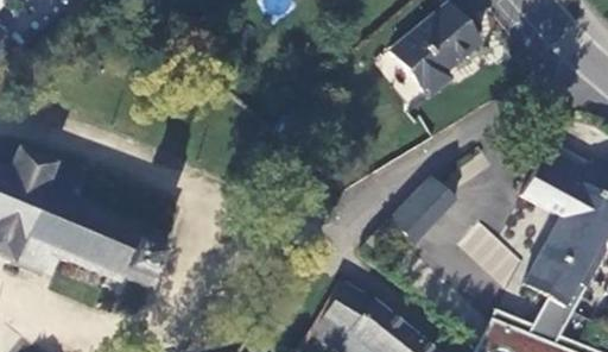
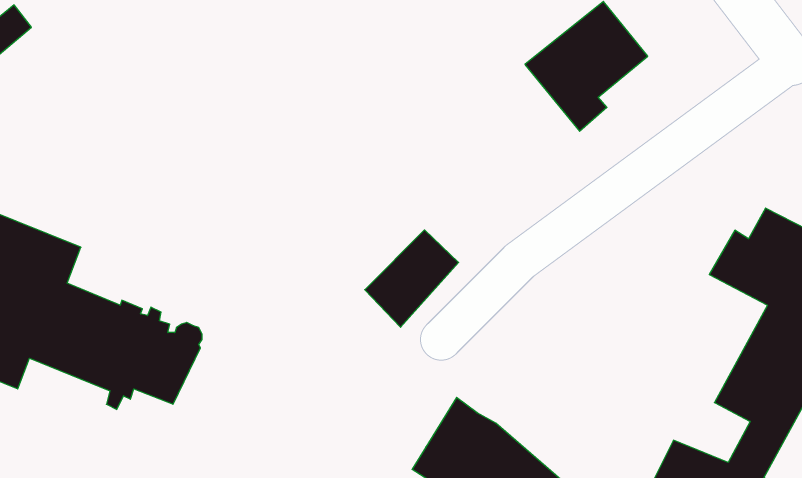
building: [390,177,455,245] -> [365,230,459,327]
building: [460,221,522,281] -> none

